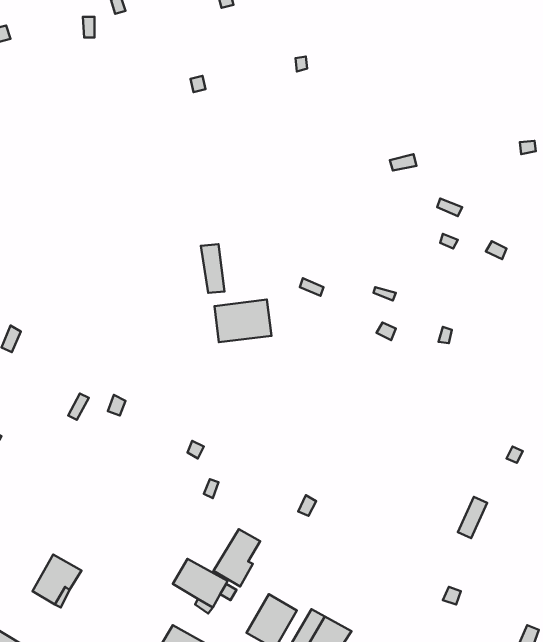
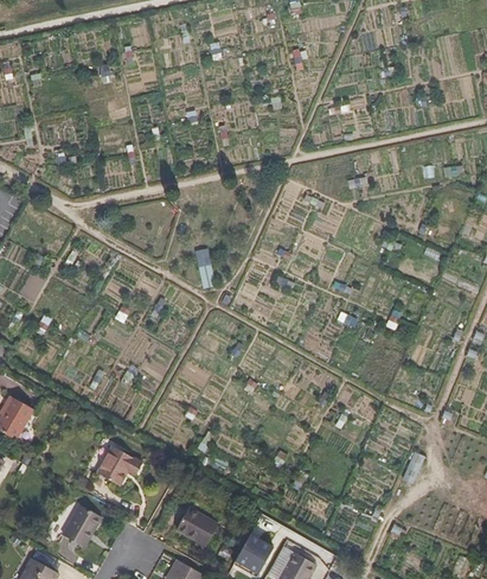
building: [214,299,272,342] -> none
building: none -> [95,443,139,483]
building: [214,529,260,587] -> none

